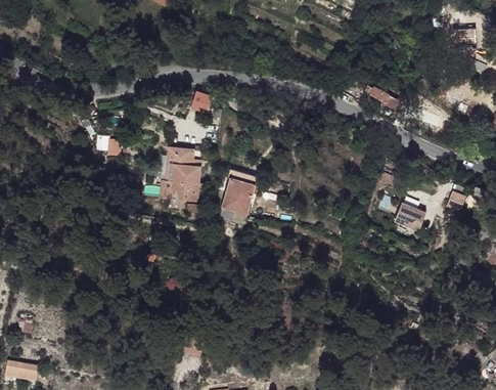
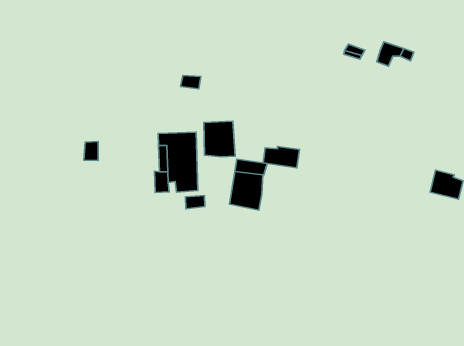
building: none -> [204,121,235,157]
building: none -> [263,147,299,168]

